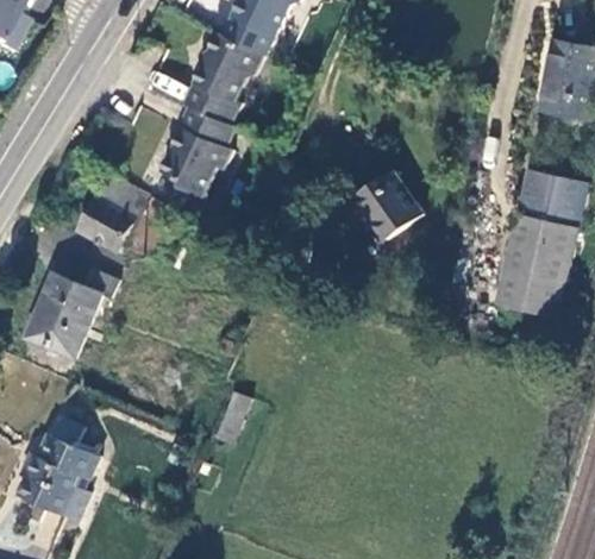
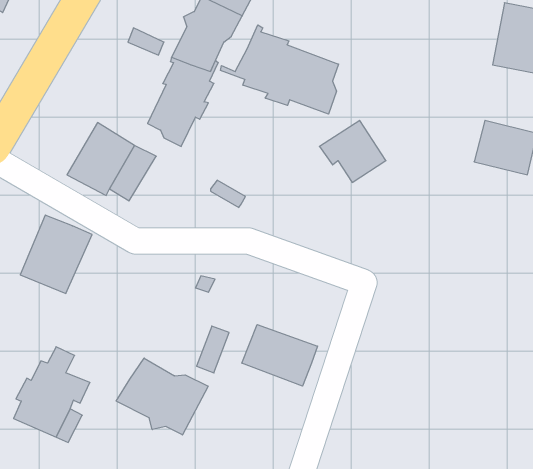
building: none -> [221,25,339,114]
building: [497,214,577,313] -> none
building: none -> [242,325,318,386]
building: none -> [116,358,208,435]

